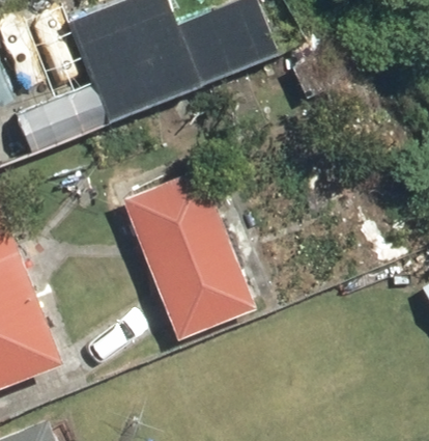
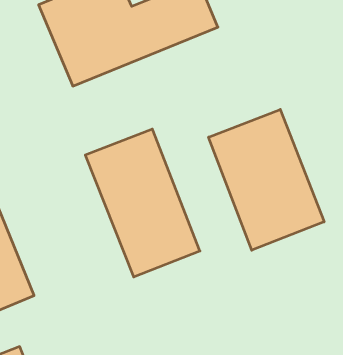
building: none -> [209,109,324,250]

